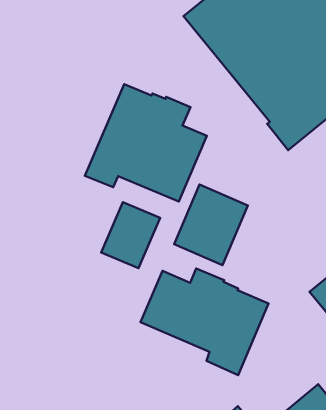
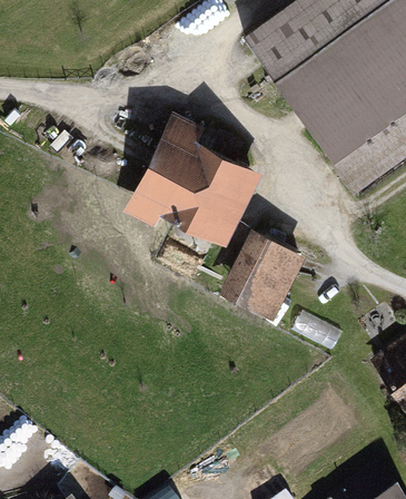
building: [101,202,160,268] -> none
building: [141,269,269,375] -> none

